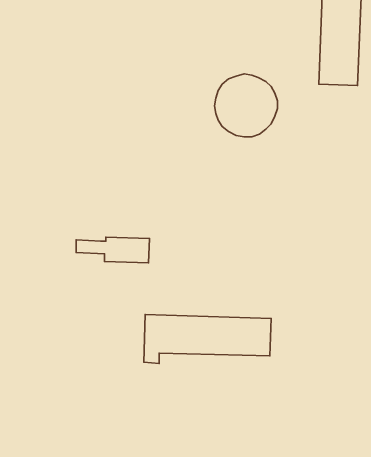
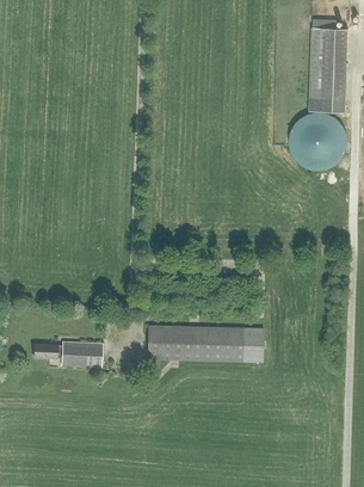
building: [214,74,277,137] -> [289,111,347,169]
building: [76,237,150,263] -> [35,341,103,365]

